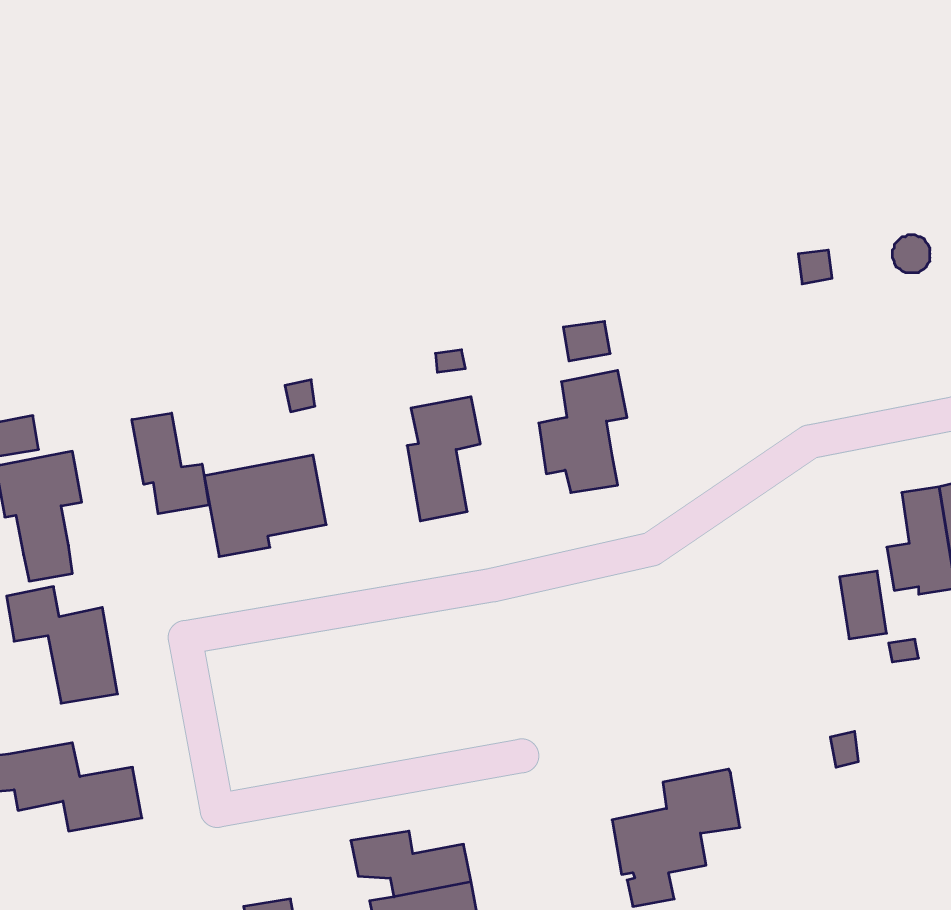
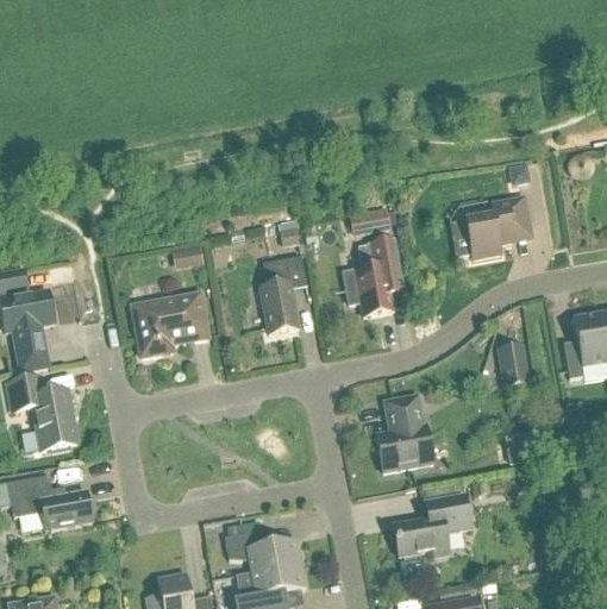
building: none -> [464,196,528,258]
building: [132,413,209,514] -> none
building: [840,571,887,639] -> [498,343,527,385]
building: none -> [373,391,433,471]

